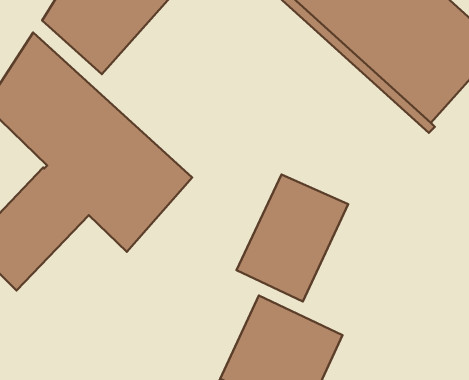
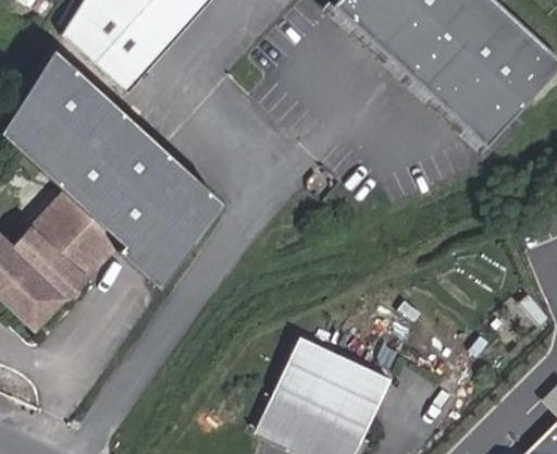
building: [236,175,348,302] -> none

